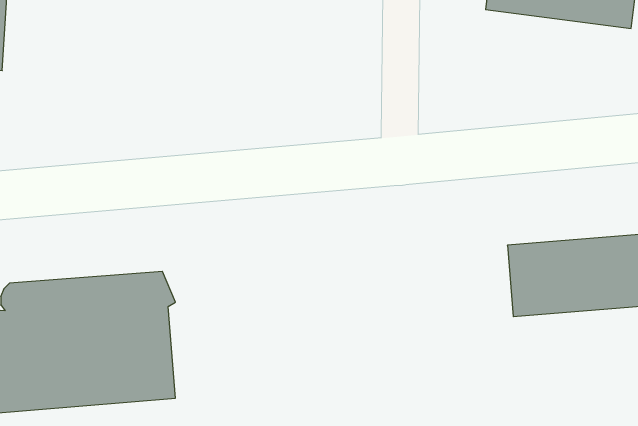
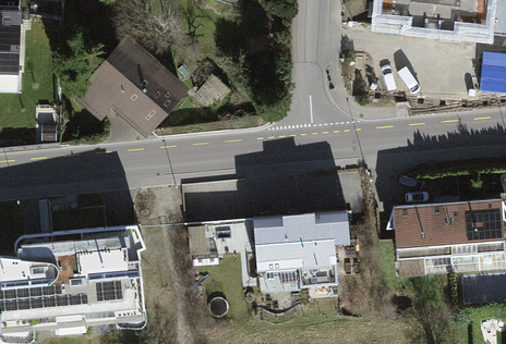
building: none -> [86,40,188,136]
building: none -> [254,210,349,286]

